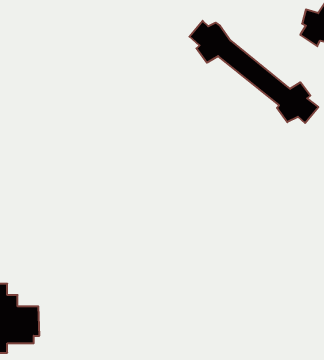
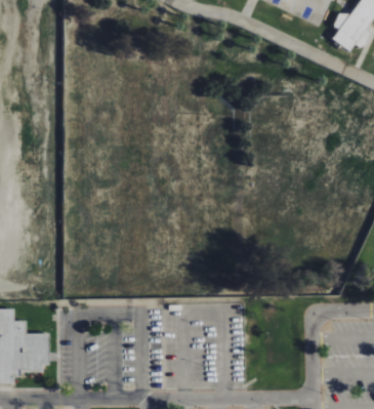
building: [189,21,318,123] -> none

